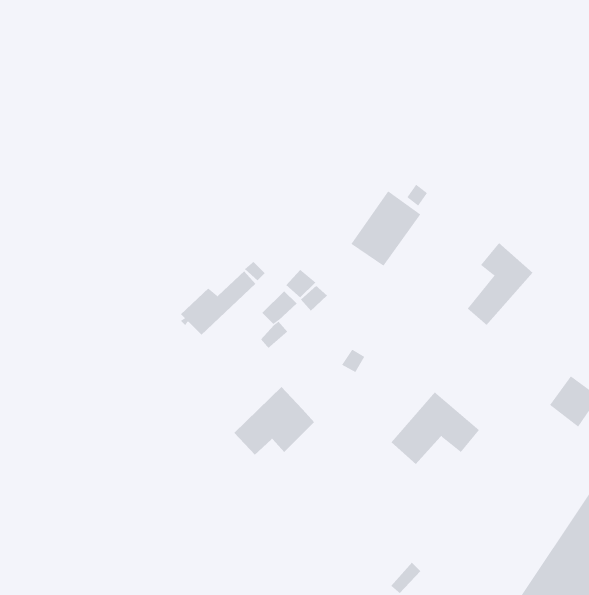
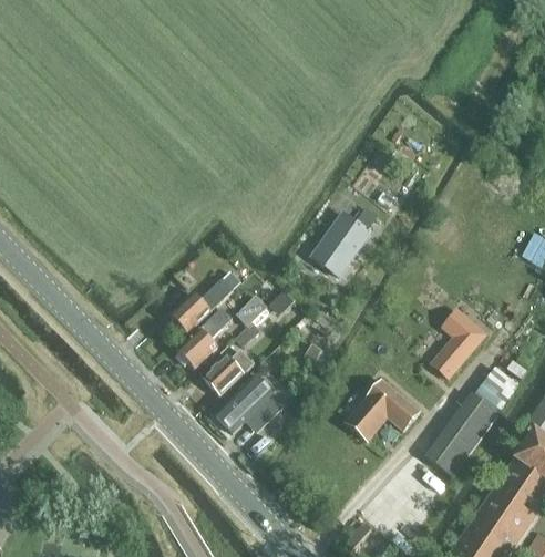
building: [467,242,534,326] -> [431,308,486,378]
building: none -> [176,307,232,368]
building: none -> [203,350,255,396]
building: none -> [428,395,496,474]

